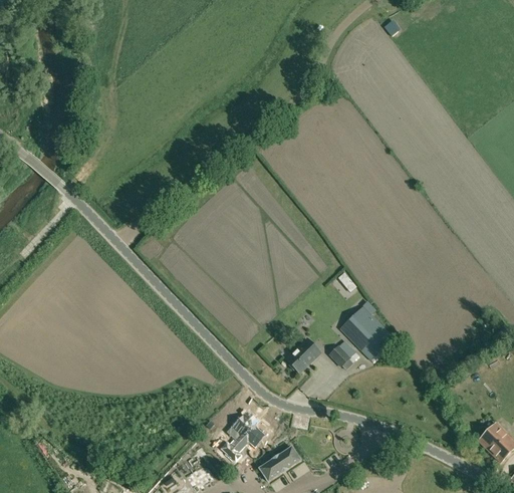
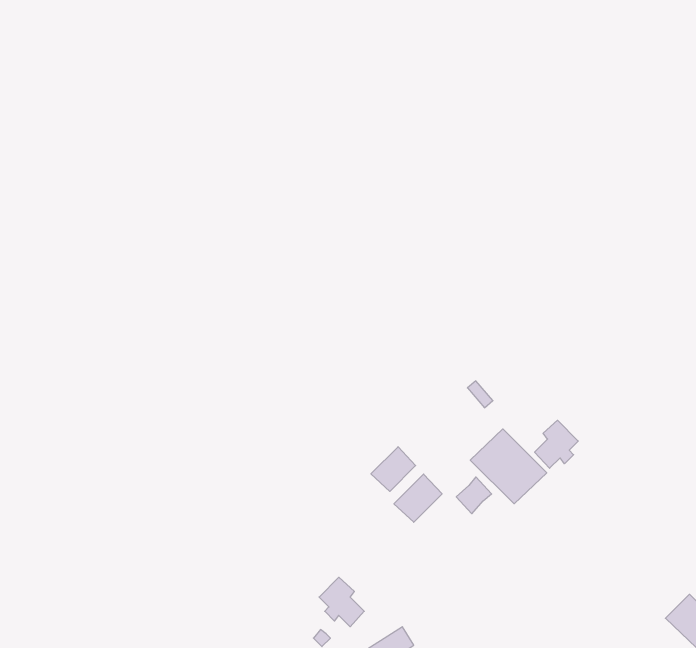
building: none -> [535,420,578,468]
building: none -> [371,447,416,491]

